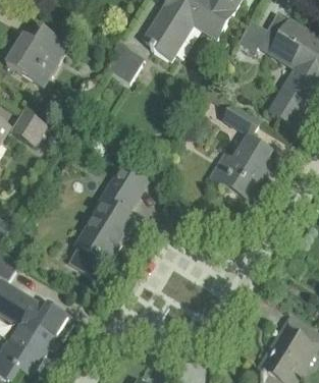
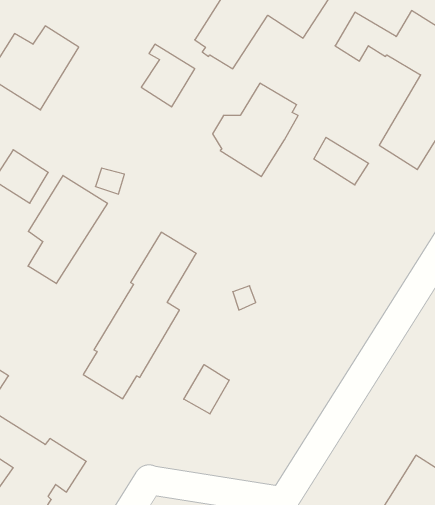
building: none -> [28,175,107,284]
building: [215,136,272,199] -> [213,83,298,177]
building: none -> [184,365,229,414]

